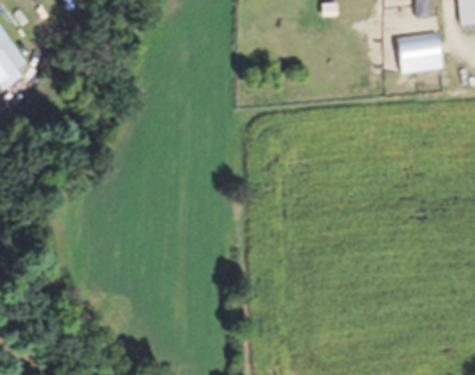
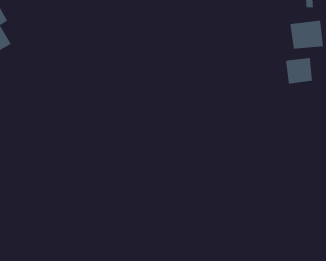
building: none -> [285,57,313,85]

